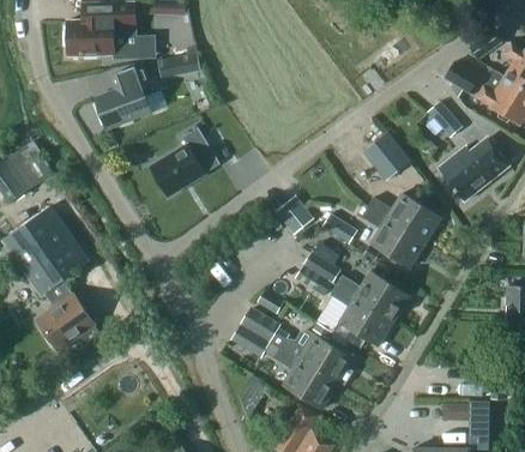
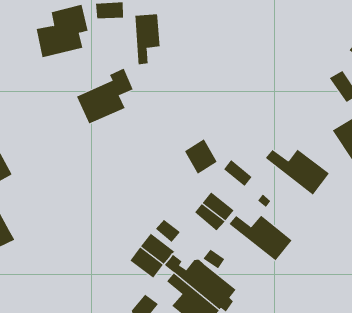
building: none -> [135,13,160,65]
building: [362,132,410,180] -> none
building: [361,209,424,269] -> none
building: [330,287,392,346] -> none

